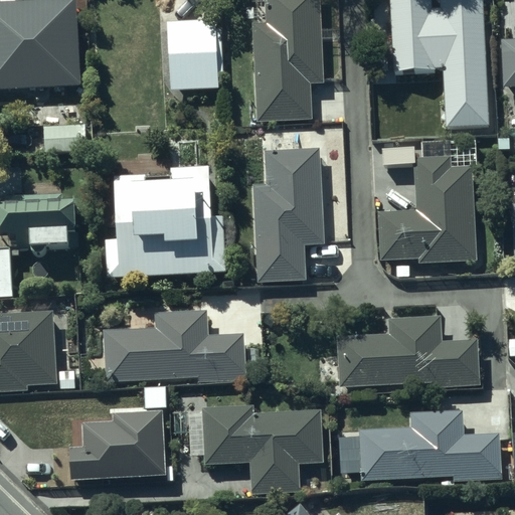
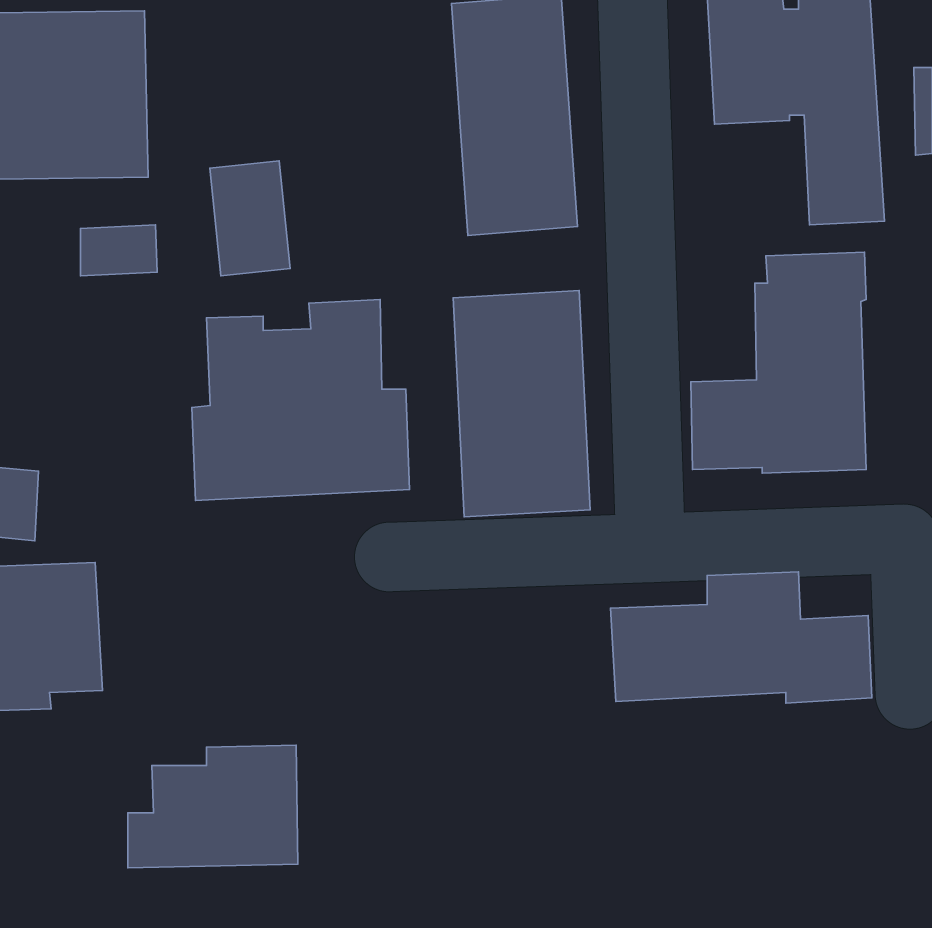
building: [170,22,214,85] -> [210,161,290,276]
building: [6,203,82,249] -> none
building: [105,310,243,381] -> none
building: [191,404,323,493] -> none
building: [342,410,499,481] -> none

